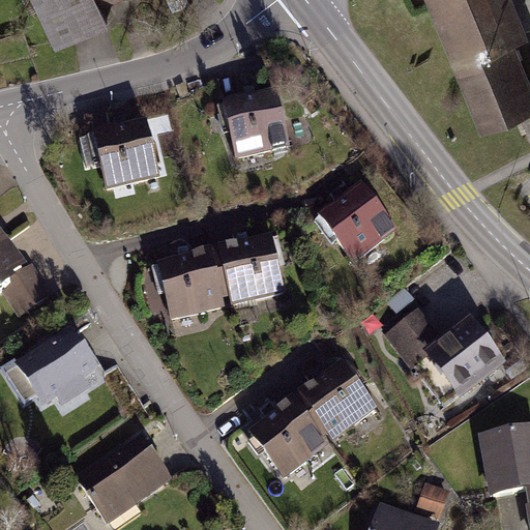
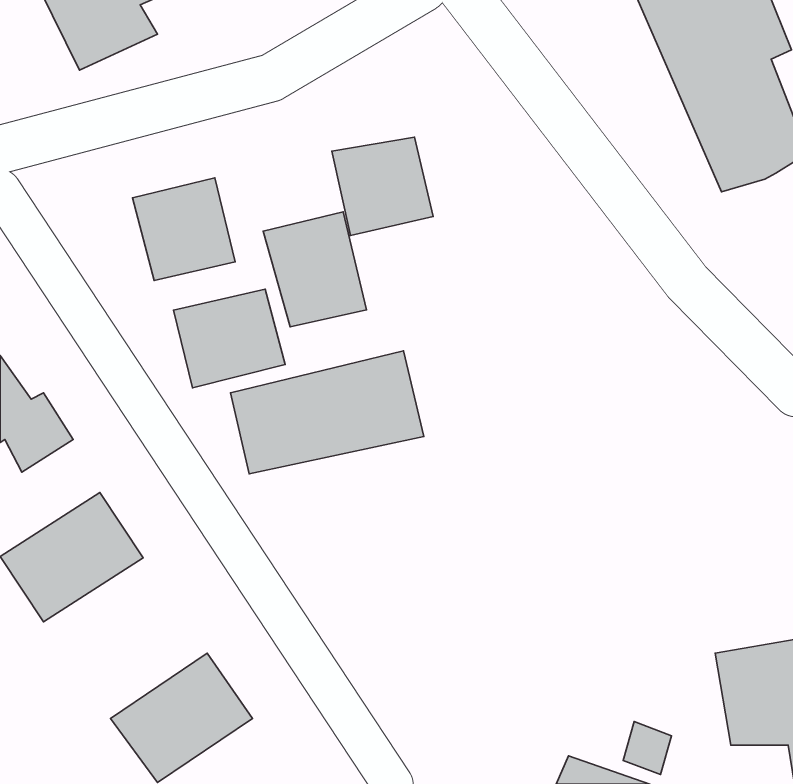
building: none -> [263,212,366,327]
building: [317,181,396,262] -> none
building: none -> [174,289,285,388]
building: [384,306,504,401] -> none
building: [247,358,377,475] -> none

